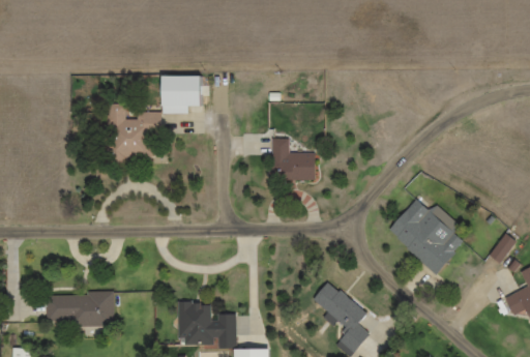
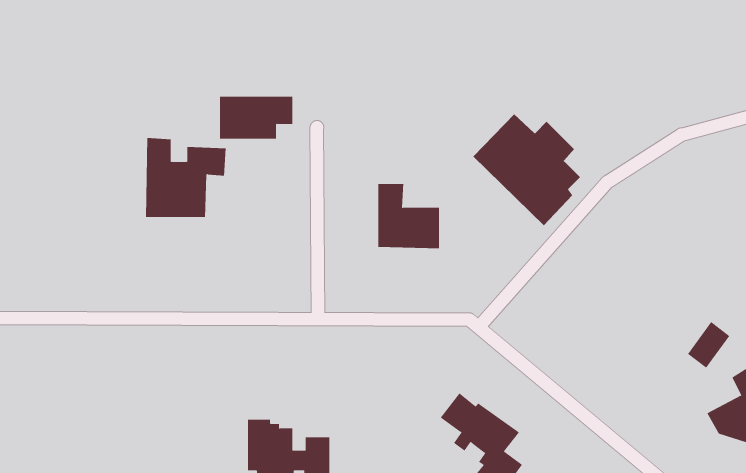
building: [386,199,462,277] -> [473,114,581,226]
building: [46,292,116,326] -> none

